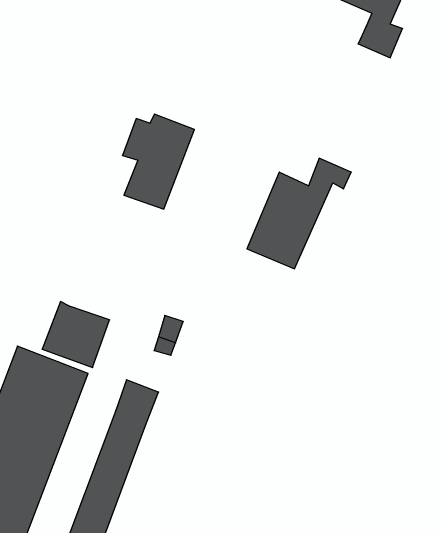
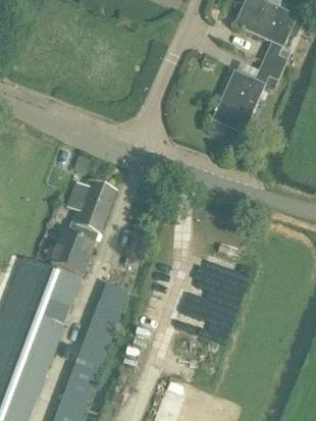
building: [122,114,194,209] -> [67,178,115,242]
building: [247,158,351,269] -> [212,58,281,131]

